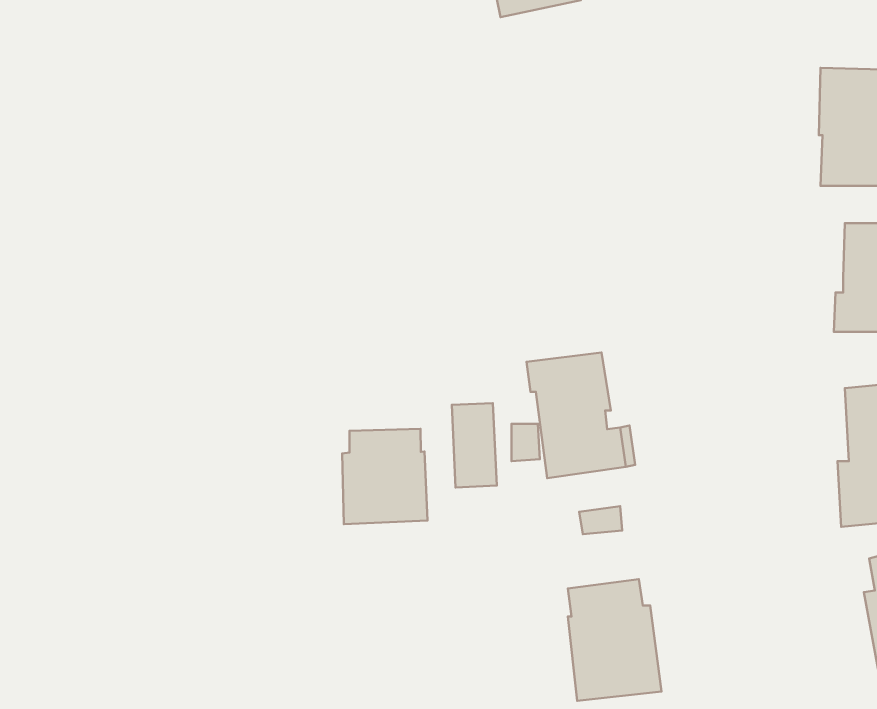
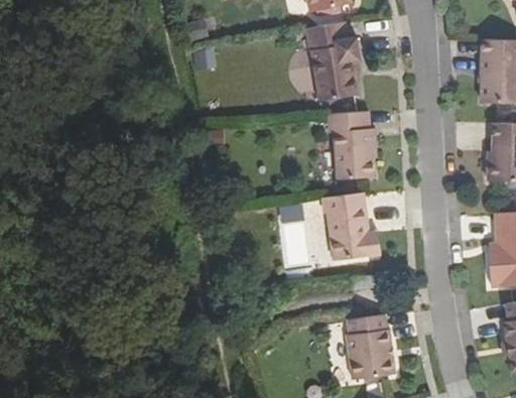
building: none -> [305,23,360,103]
building: none -> [329,113,376,179]
building: [342,429,428,524] -> none

